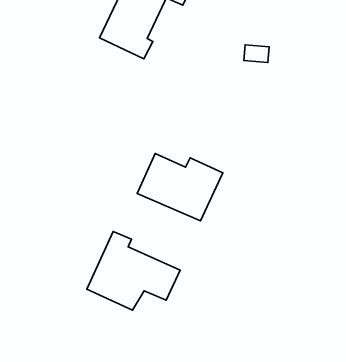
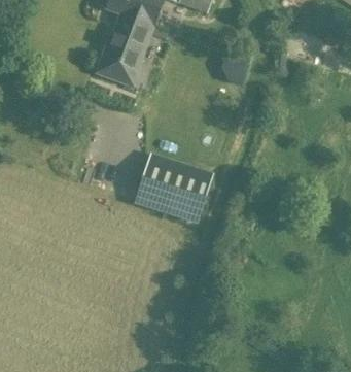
building: [87,231,180,310] -> none

